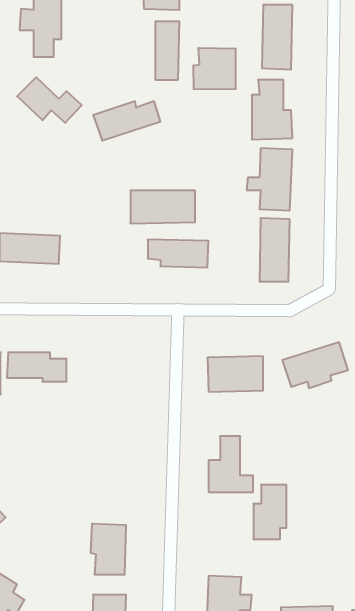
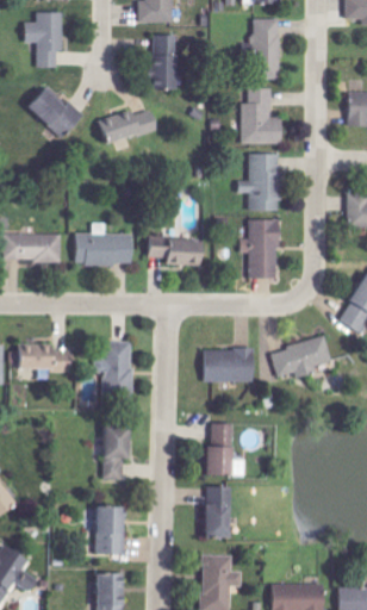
building: [193,48,236,89] -> none
building: [130,191,195,224] -> [74,234,135,264]
building: none -> [89,341,132,399]
building: none -> [99,427,124,480]
building: [253,485,286,539] -> [200,486,231,537]

